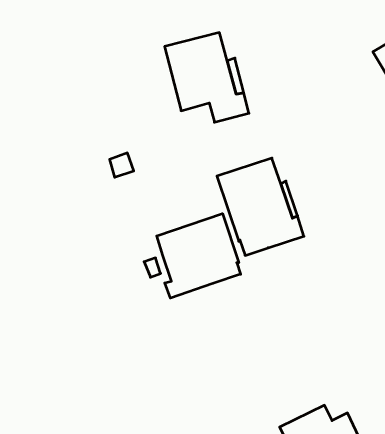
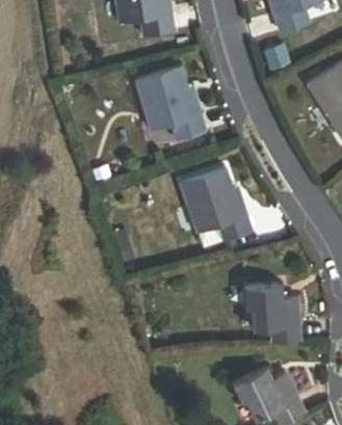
building: [157,214,241,298] -> none
building: none -> [242,282,300,343]

